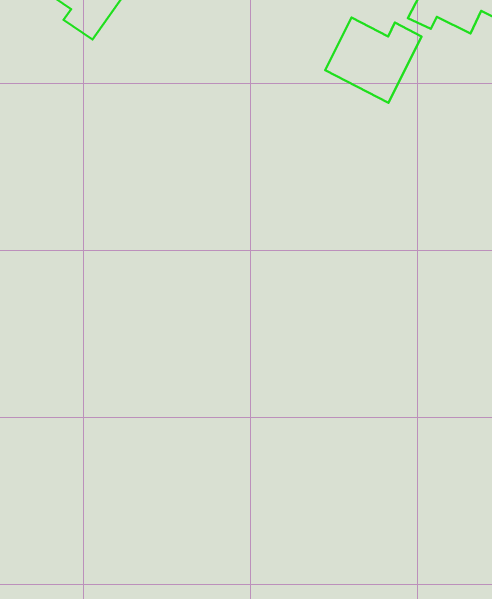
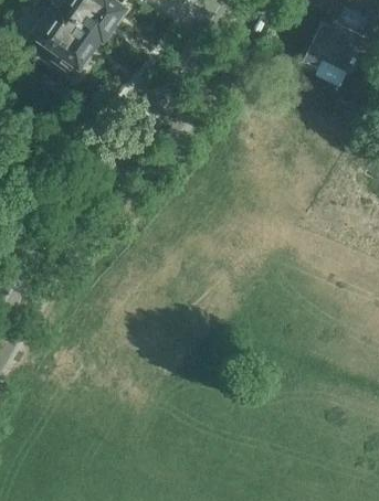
building: [325,18,422,103] -> none

